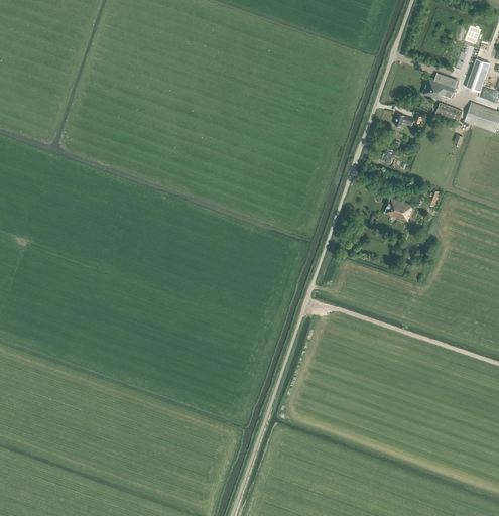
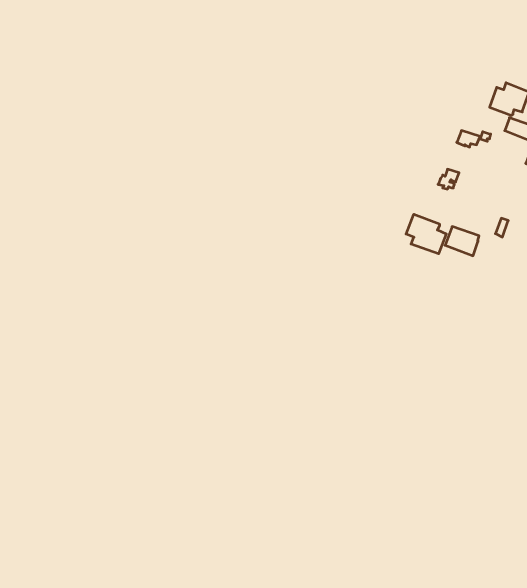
building: none -> [406,214,446,254]

